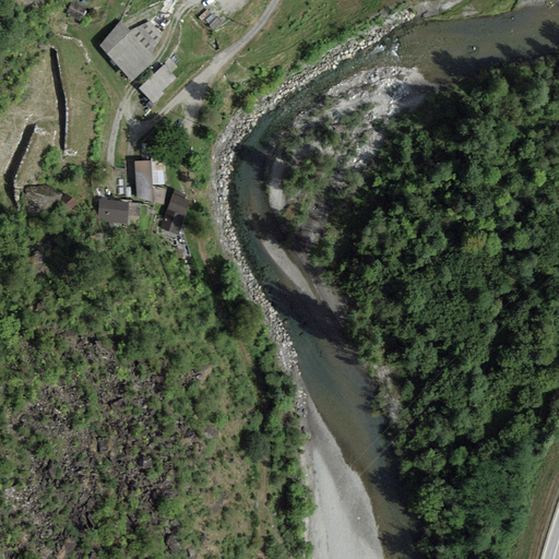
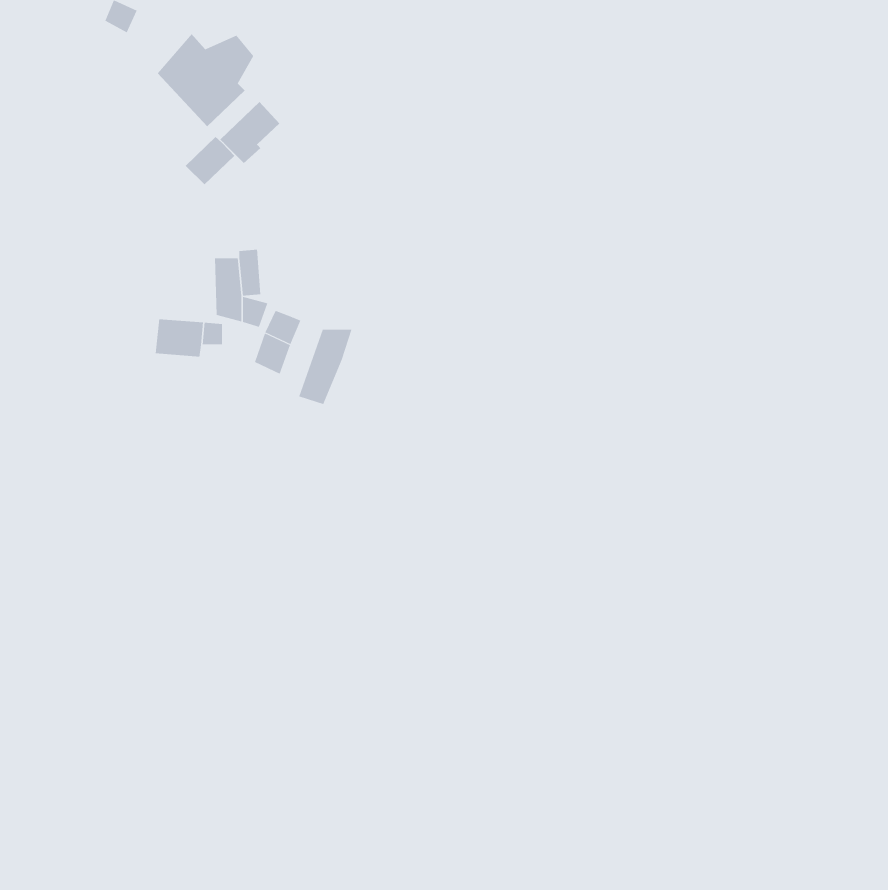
building: none -> [185,136,235,185]
building: none -> [299,329,352,405]

